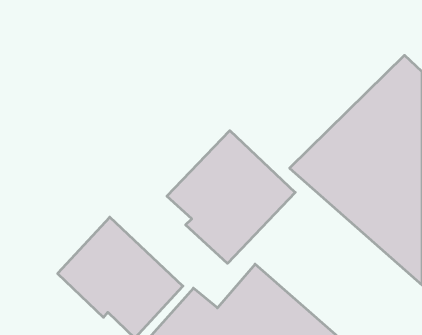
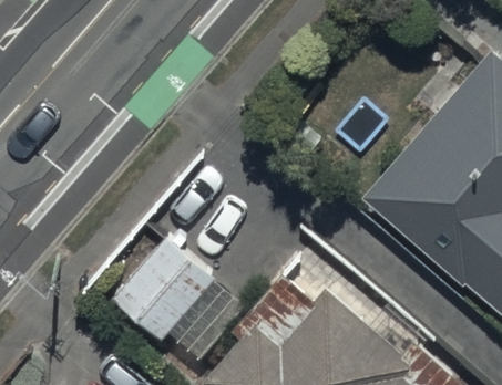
building: [167,131,295,263] -> none

